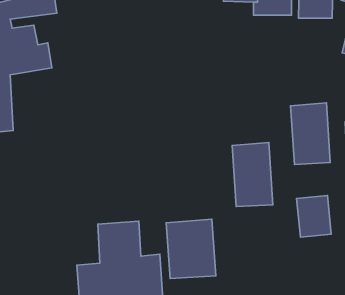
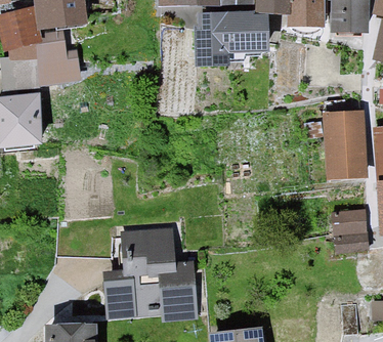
building: none -> [197,14,267,62]
building: [232,143,273,207] -> none
building: [166,219,216,279] -> none

